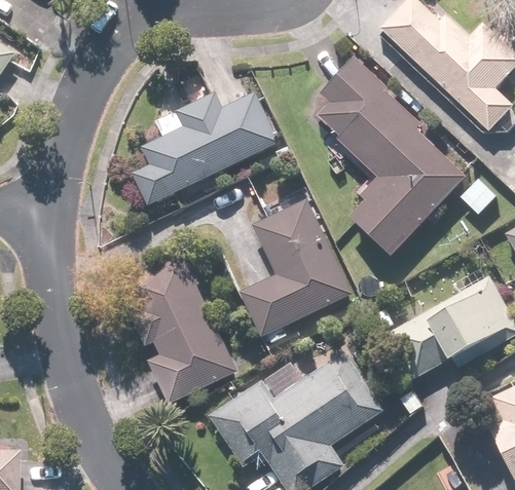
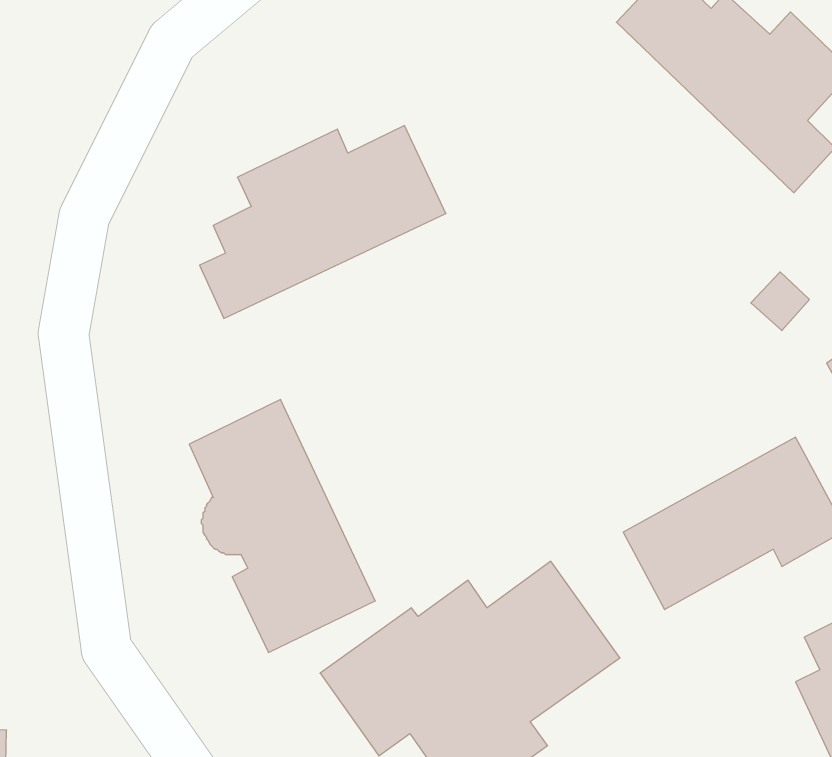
building: [312,58,466,259] -> none
building: [241,197,352,337] -> none

